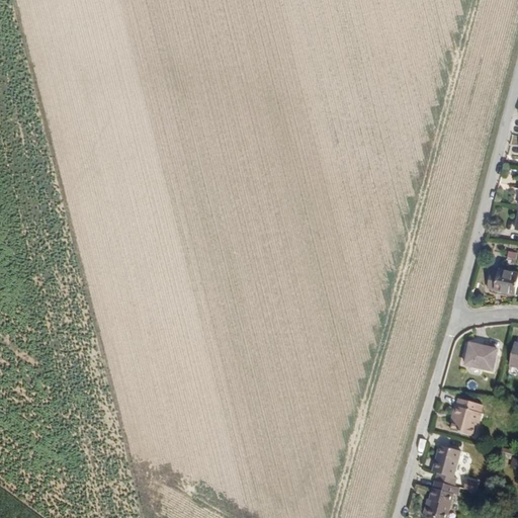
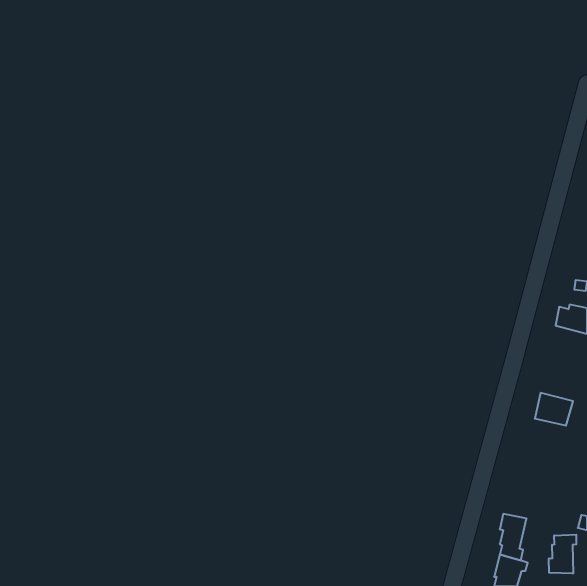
building: [450,399,482,436] -> none
building: none -> [549,535,576,574]

